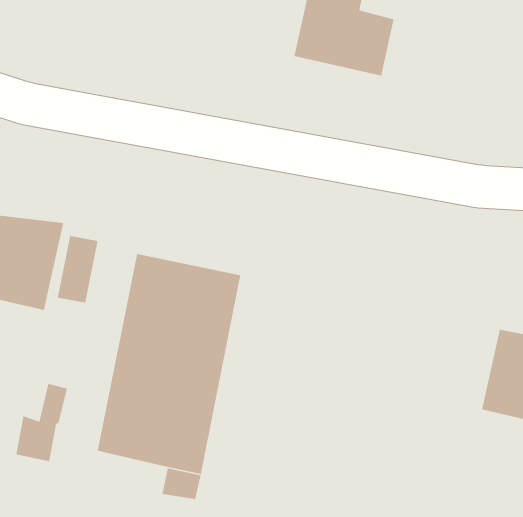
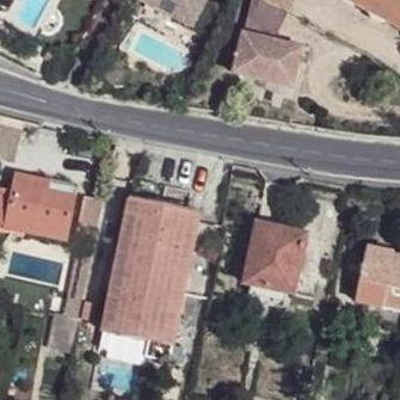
building: none -> [245,227,308,299]

